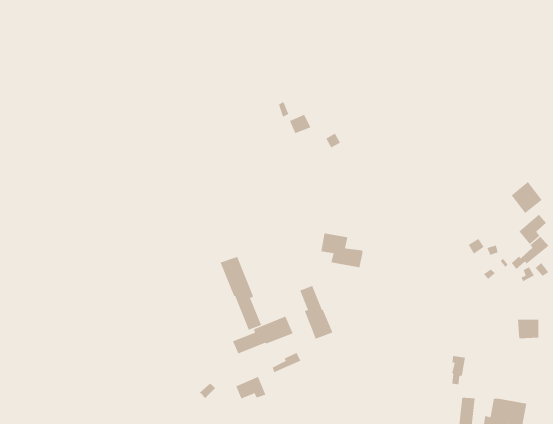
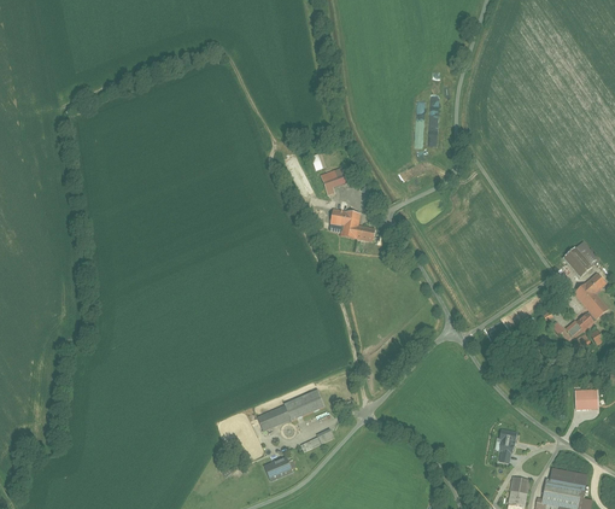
building: [321,233,363,268] -> [329,206,376,245]
building: [220,256,262,331] -> none
building: [300,285,333,339] -> none

